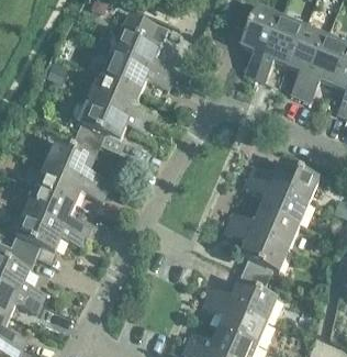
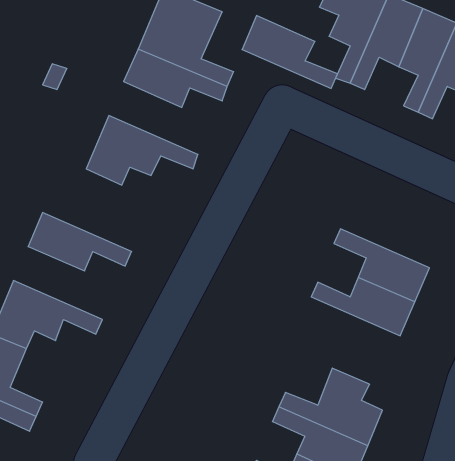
building: [91,75,156,124] -> [242,16,338,88]
building: [46,134,111,190] -> none
building: [248,160,320,201] -> none
building: [26,187,91,236] -> none
building: [224,221,289,280] -> none

